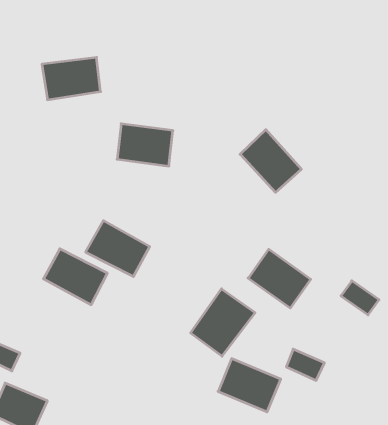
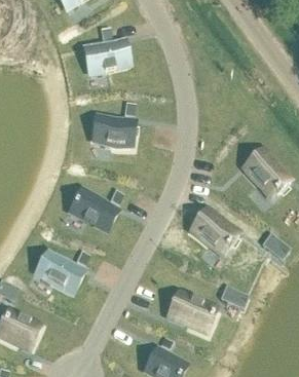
building: [42,57,101,100] -> [86,40,130,72]
building: [240,130,301,192] -> [244,150,290,197]
building: [43,249,107,305] -> [36,250,84,292]
building: [191,289,255,356] -> none

